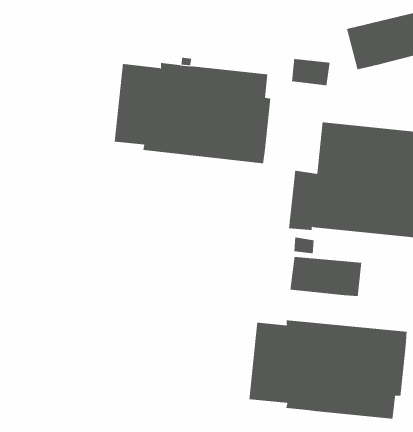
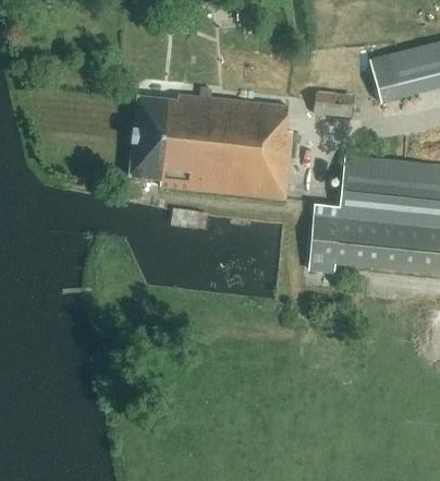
building: [290,256,362,297] -> none
building: [249,319,407,419] -> none

